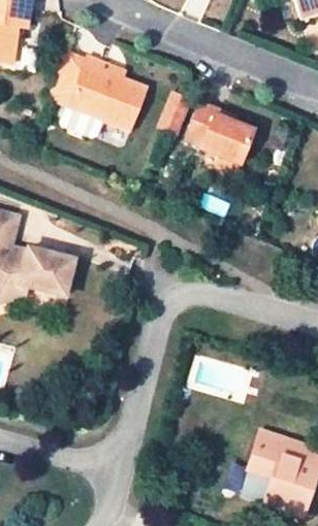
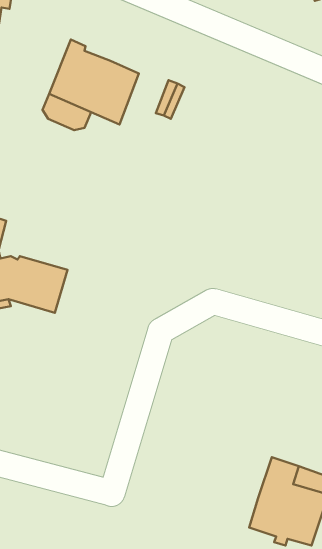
building: [183,100,248,161] -> none

